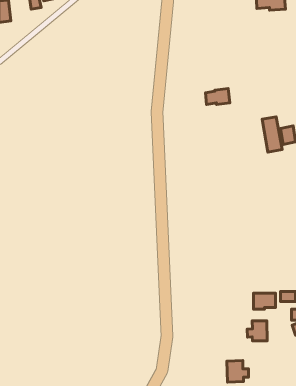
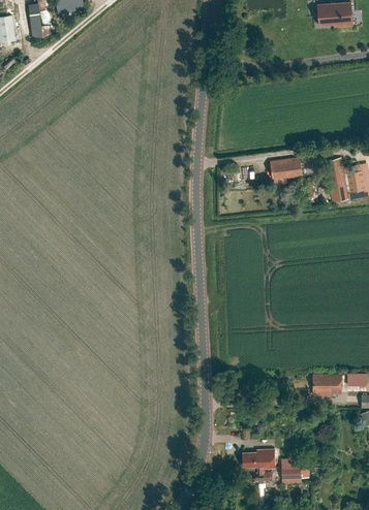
building: [206,89,230,105] -> [272,158,302,178]
building: [247,321,267,341] -> none
building: none -> [243,449,275,480]

